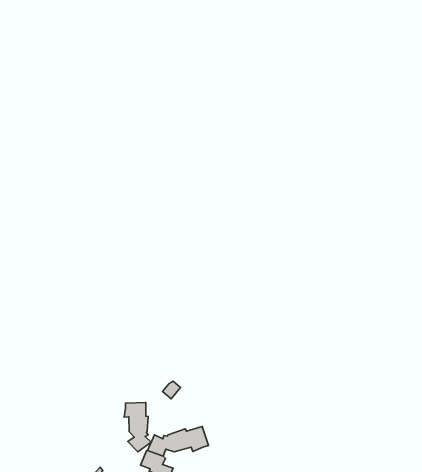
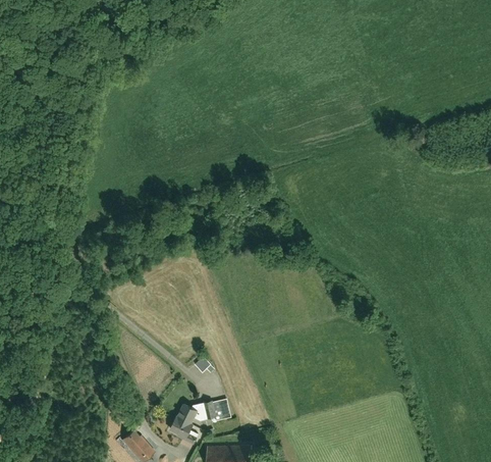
building: [124,402,151,452] -> none

